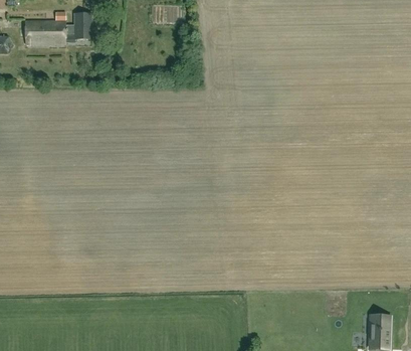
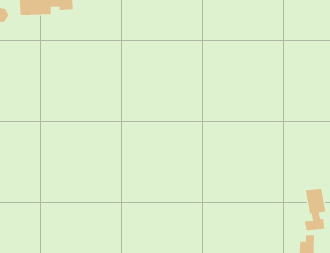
building: none -> [304,188,326,231]

